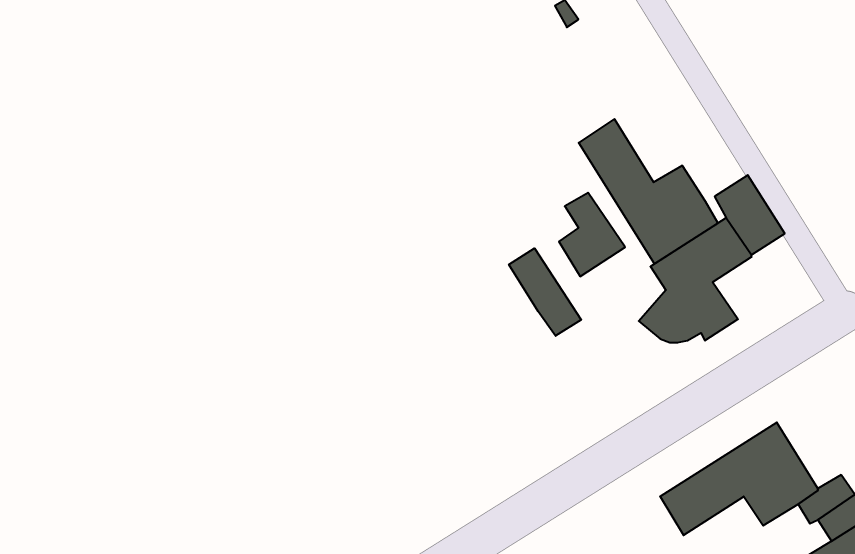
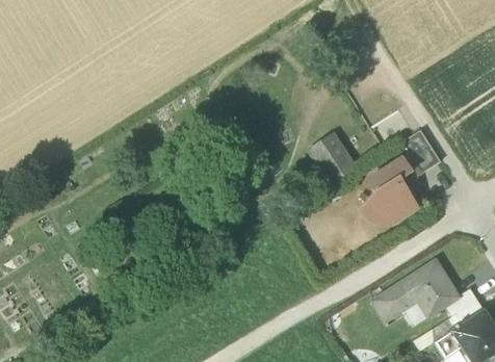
building: [579,119,717,264] -> none
building: [509,248,581,336] -> none

